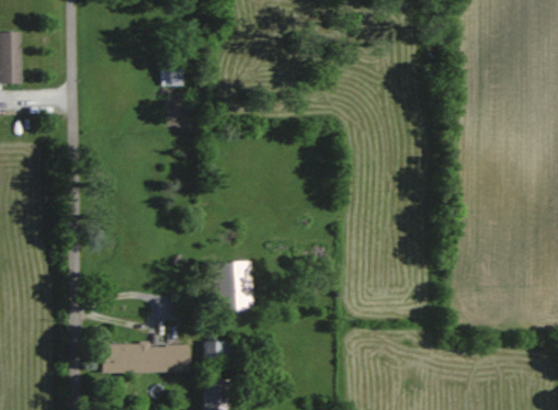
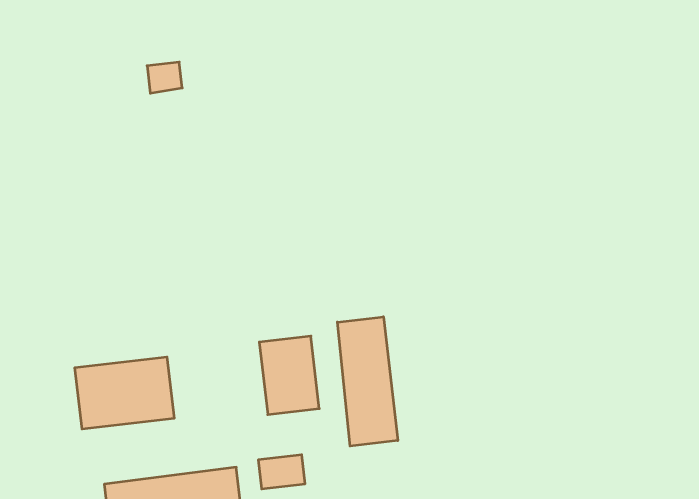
building: none -> [337,317,398,446]
building: none -> [75,357,174,429]

